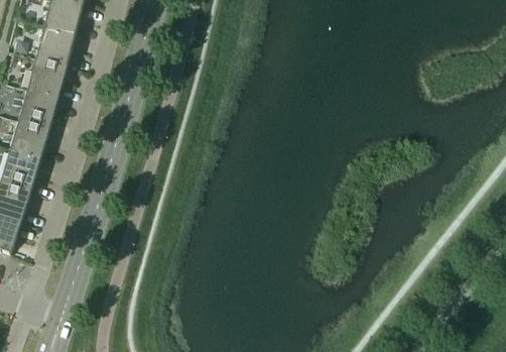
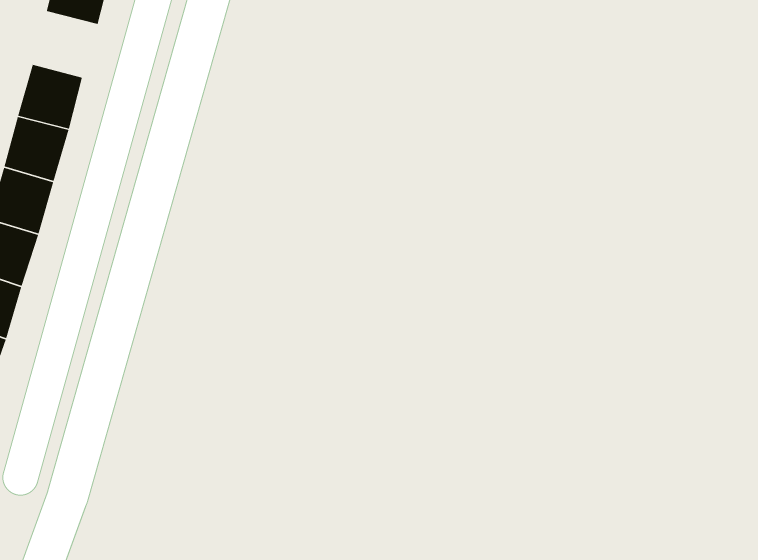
building: [36,23,76,63] -> none

